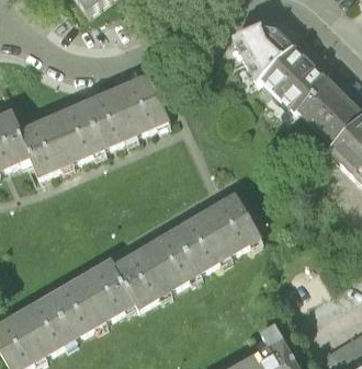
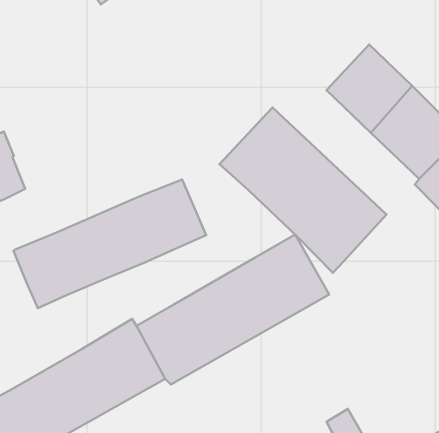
building: [231,15,294,83] -> none
building: [20,76,168,174] -> [14,179,206,308]
building: none -> [219,107,387,273]

